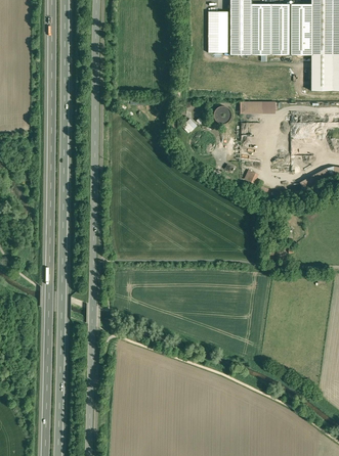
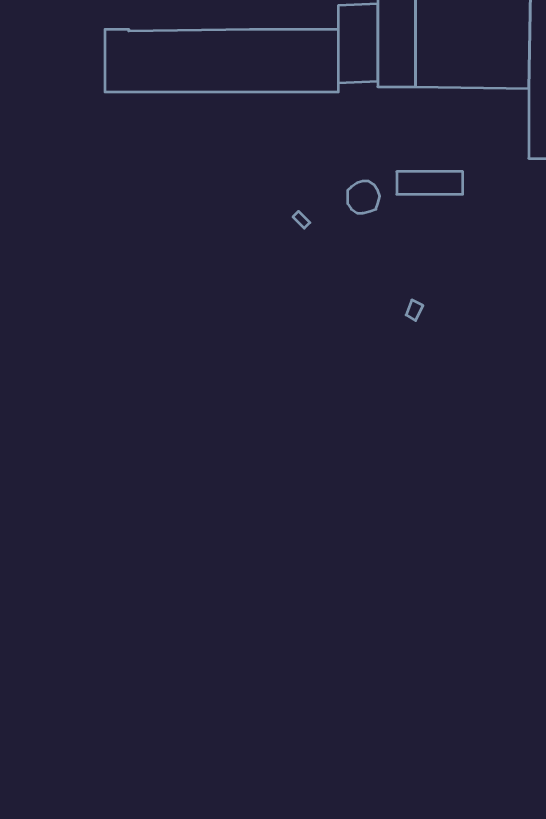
building: none -> [105,29,338,92]

